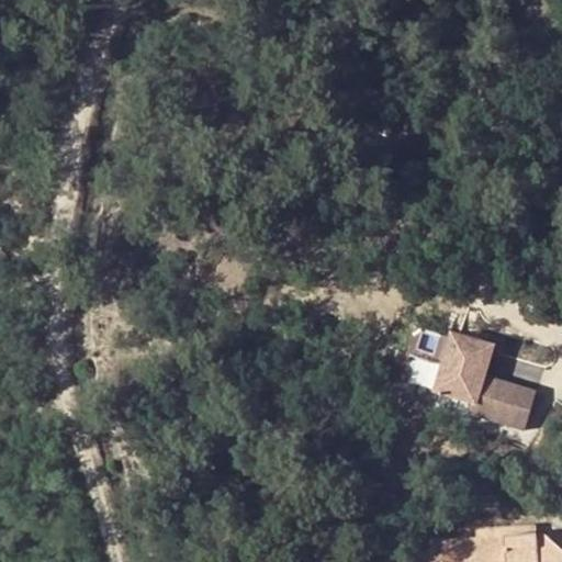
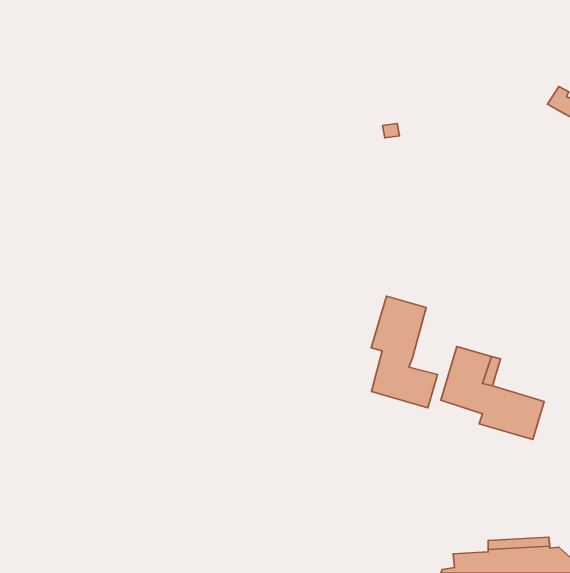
building: none -> [371,296,438,408]

